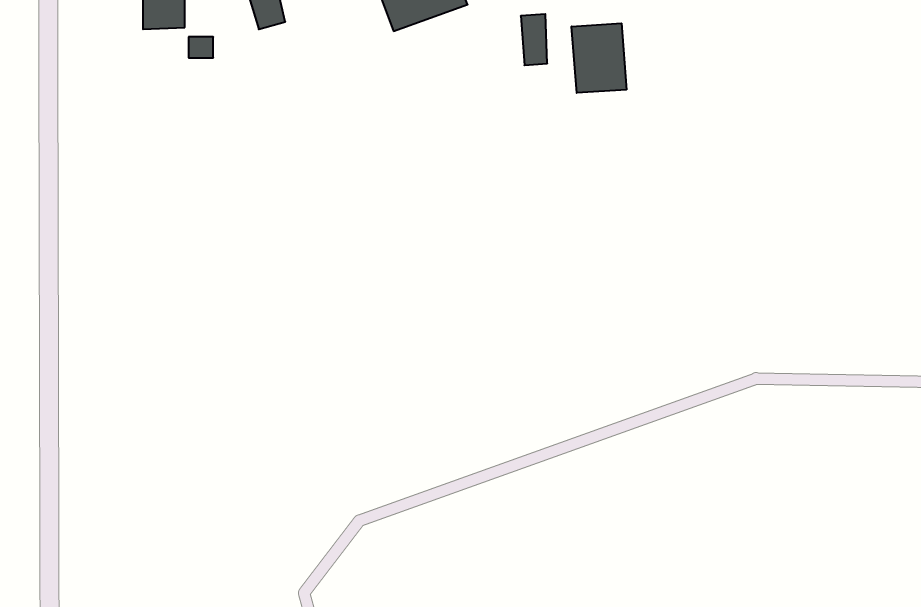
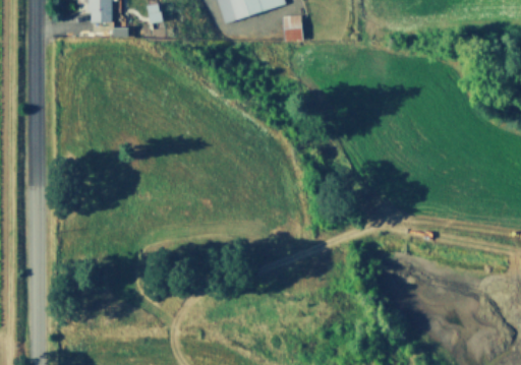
building: [572,23,626,93] -> none

